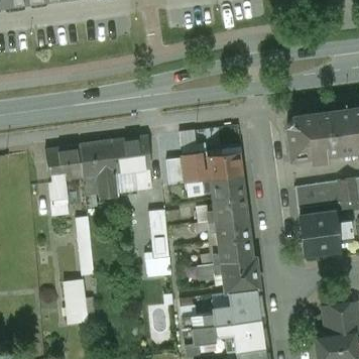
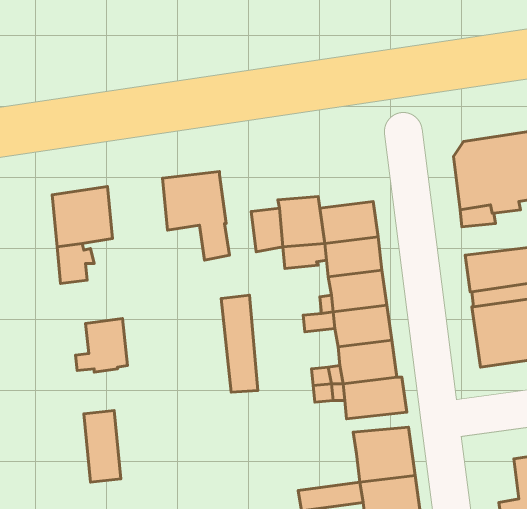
building: [79,139,118,198] -> none
building: [193,306,231,328] -> none

